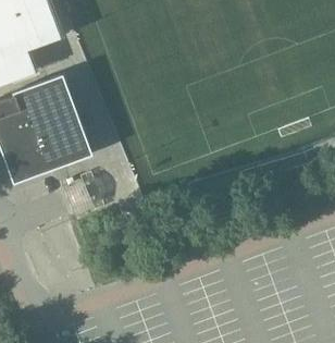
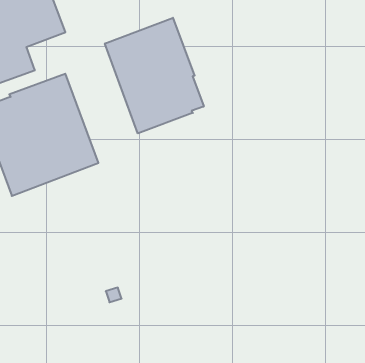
building: none -> [105,18,204,133]

